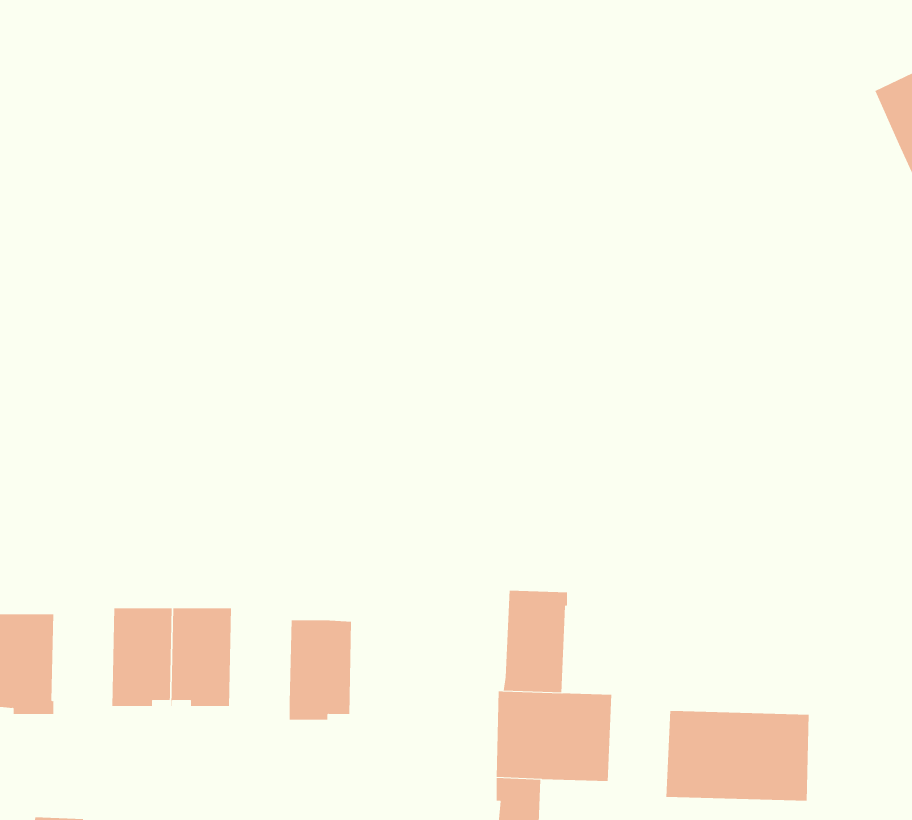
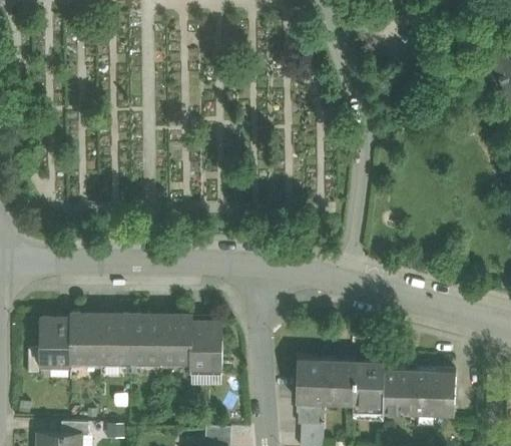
building: [503,590,568,693] -> [352,361,385,413]
building: none -> [70,316,101,367]
building: none -> [160,317,192,367]

